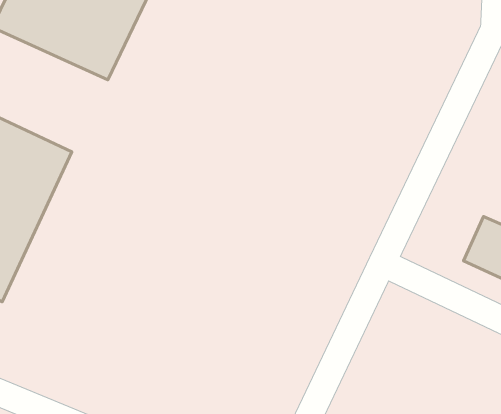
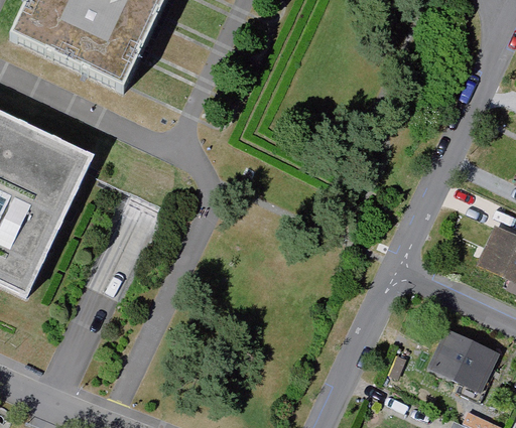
building: none -> [417,321,494,390]

